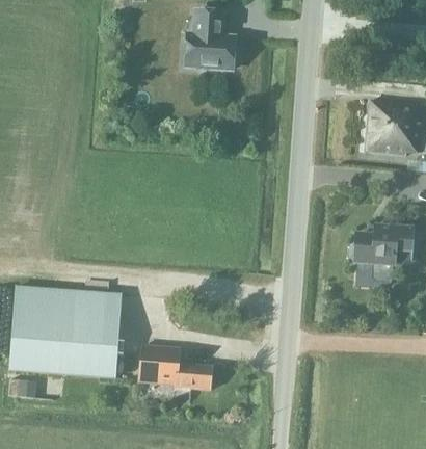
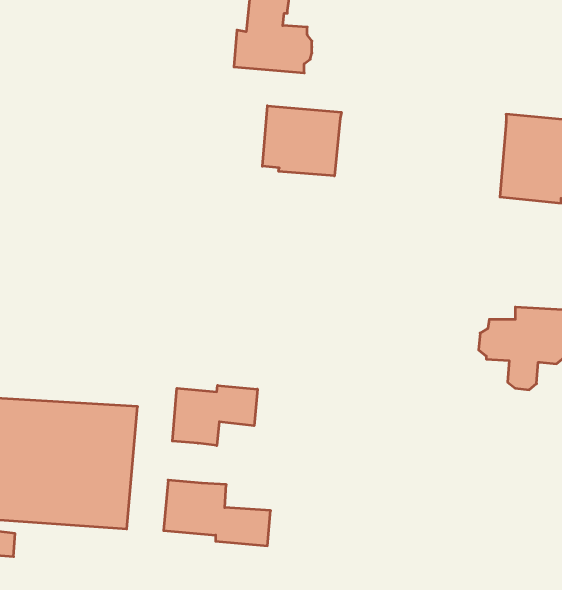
building: none -> [262,106,341,176]
building: none -> [172,385,257,446]

